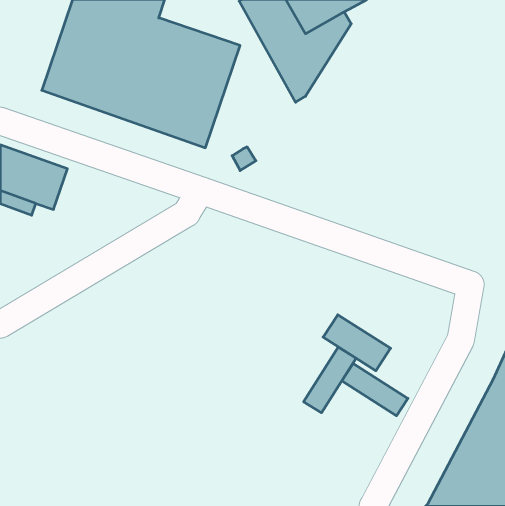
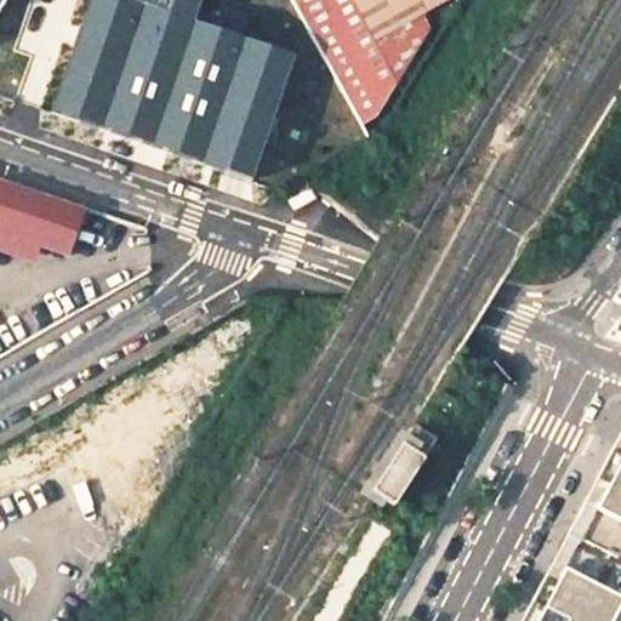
building: [323,315,391,371] -> none
building: [342,364,408,416] -> none

